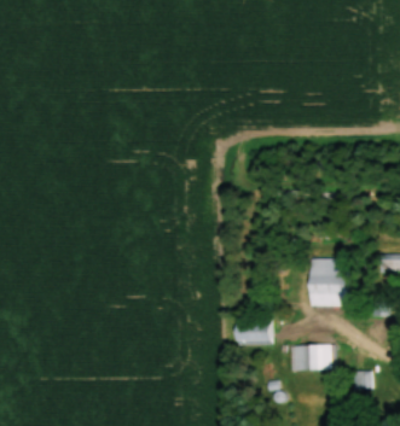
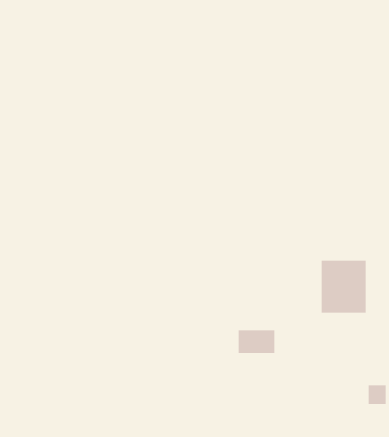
building: [289,345,332,370] -> none

